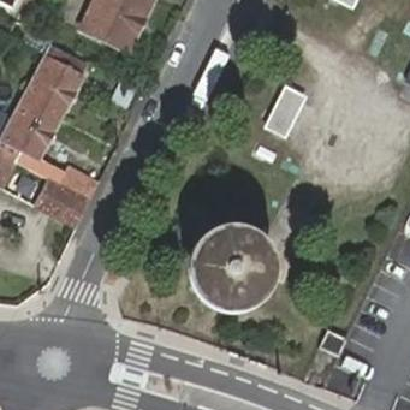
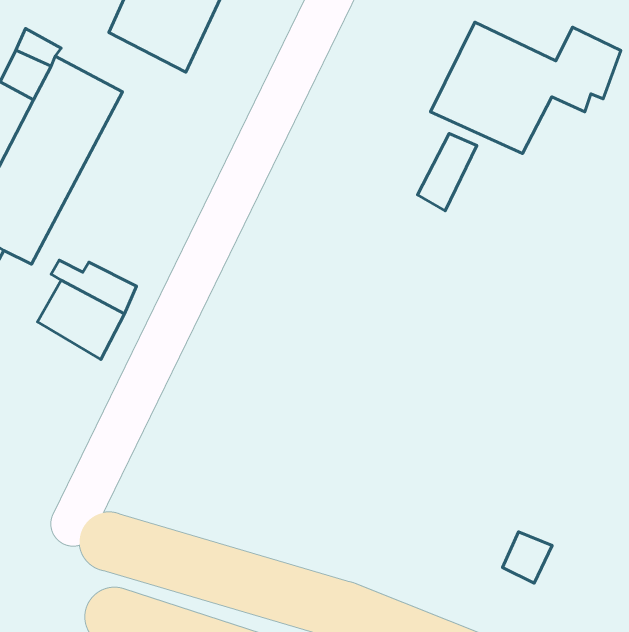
building: none -> [431,22,621,154]
building: [189,225,277,314] -> none

